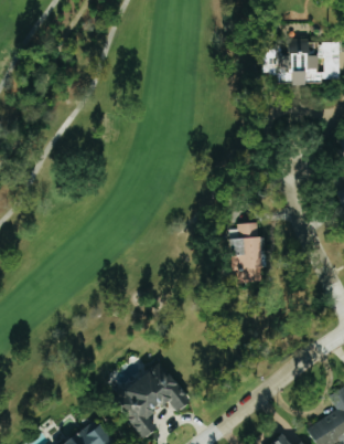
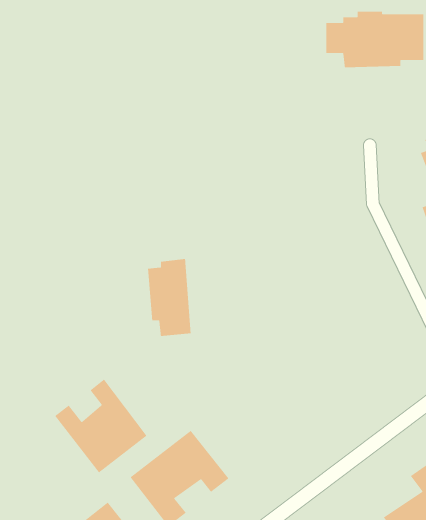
building: [227,221,261,282] -> [147,258,192,337]
building: none -> [54,379,147,474]

